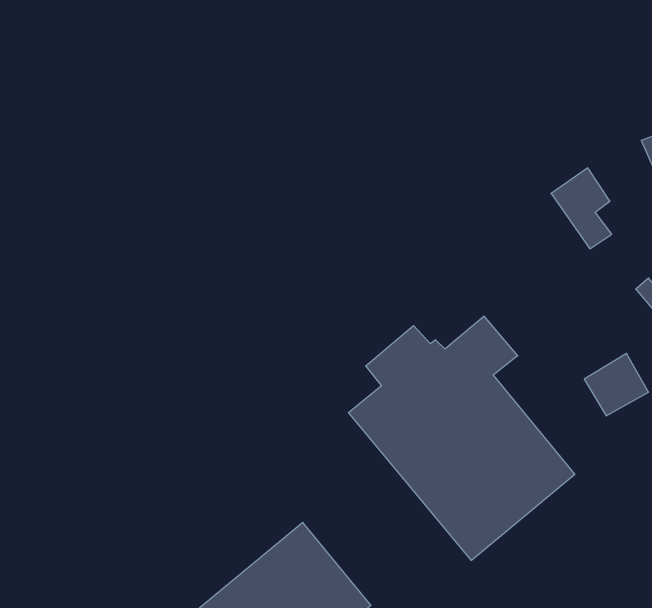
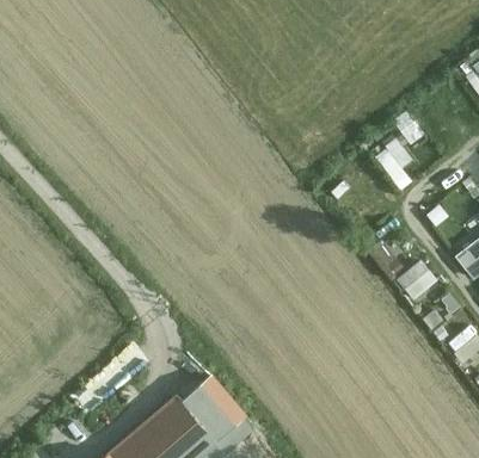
building: [349,316,575,560] -> none

